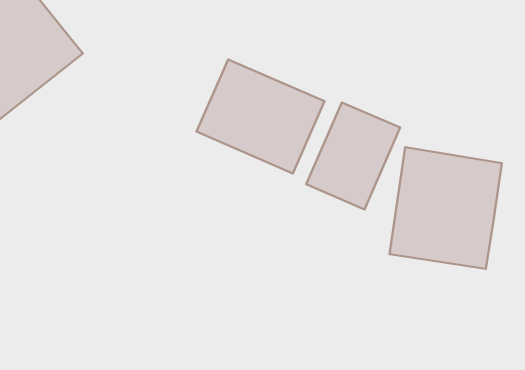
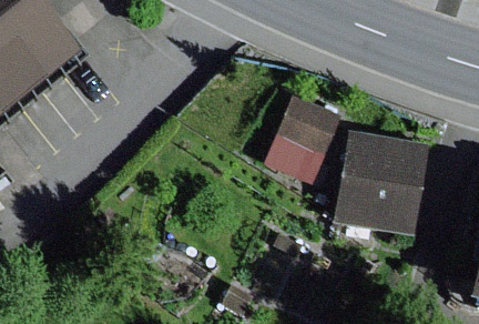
building: [197,59,325,173] -> none

